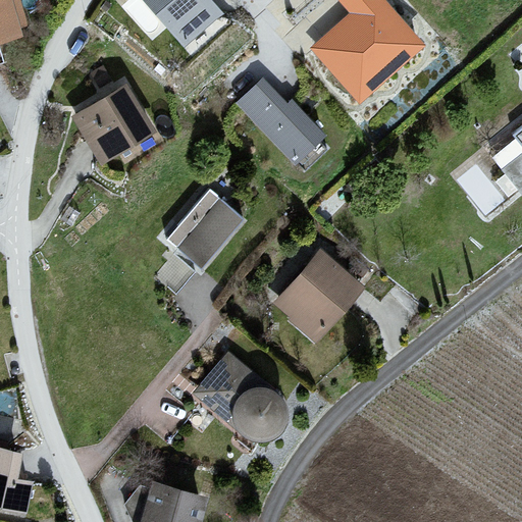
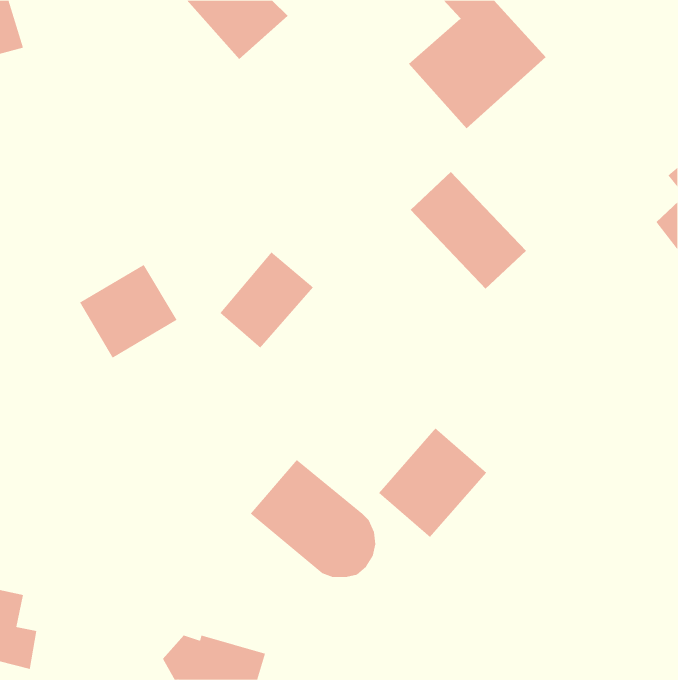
building: [236,73,325,164] -> [410,171,527,290]
building: [75,88,151,160] -> [79,264,177,359]
building: [275,253,359,337] -> [378,427,487,538]

